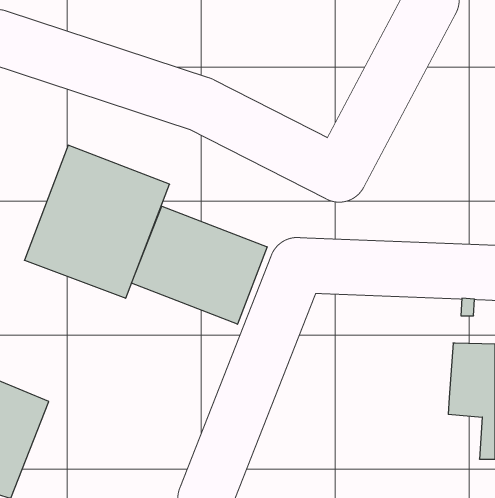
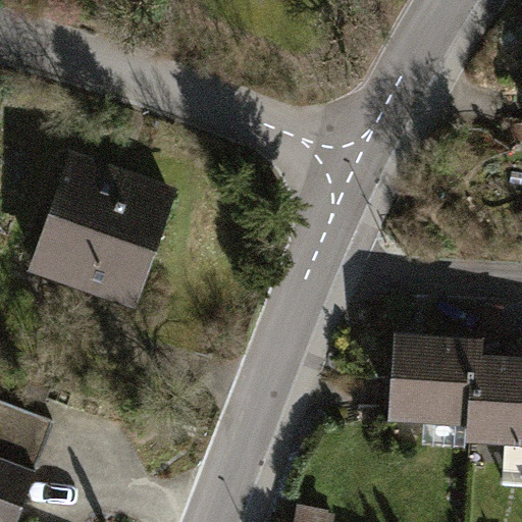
building: [131,206,267,324] -> none
building: none -> [392,337,477,416]

